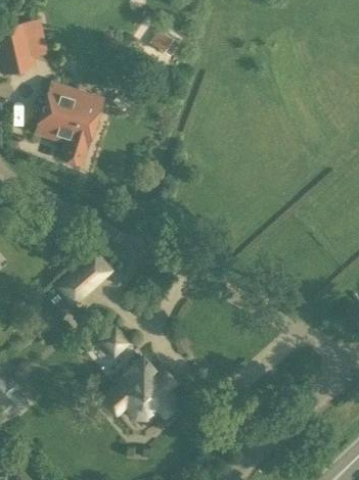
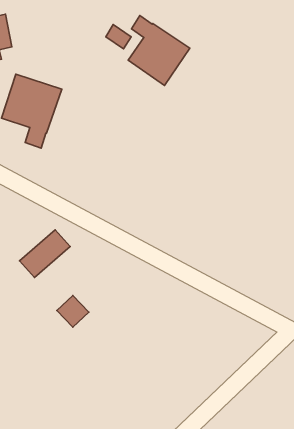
building: none -> [128,15,190,85]
building: [102,358,178,418] -> none

